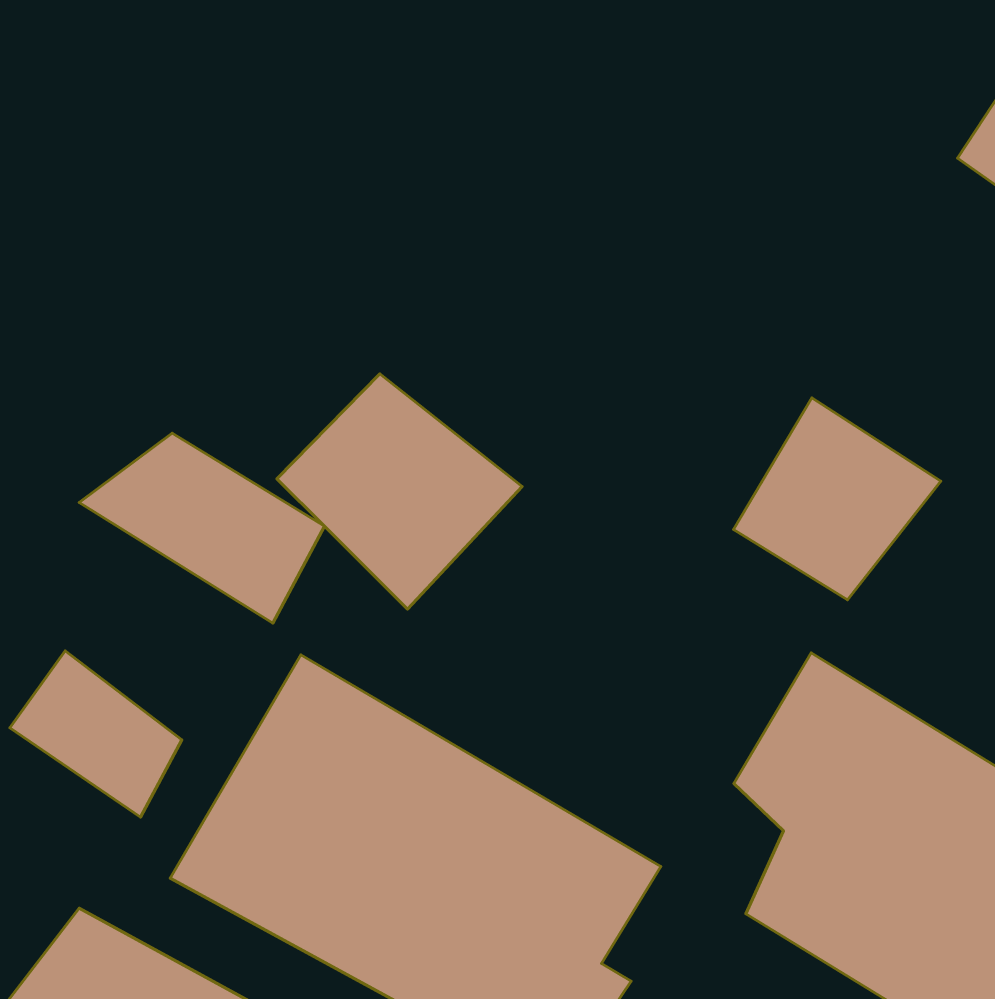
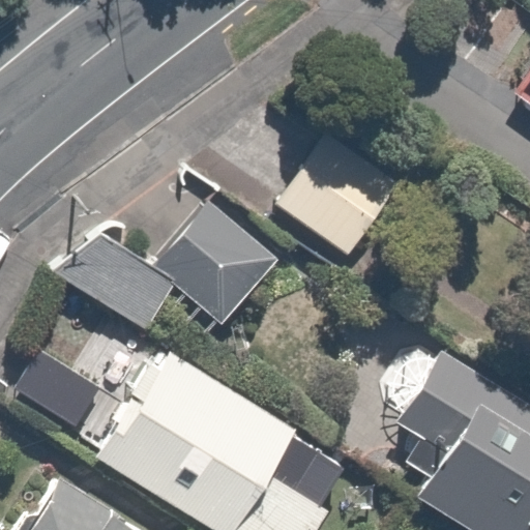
building: none -> [276,135,407,261]
building: [733,398,941,600] -> none

